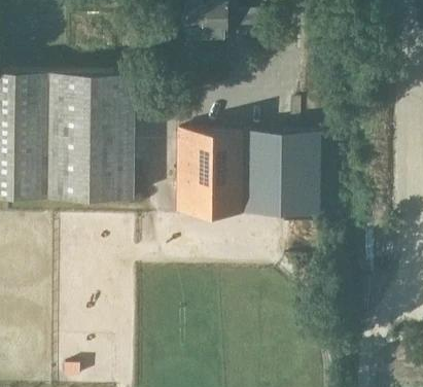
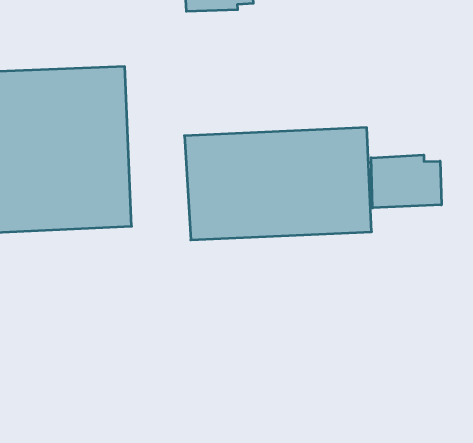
building: none -> [371,155,441,208]

